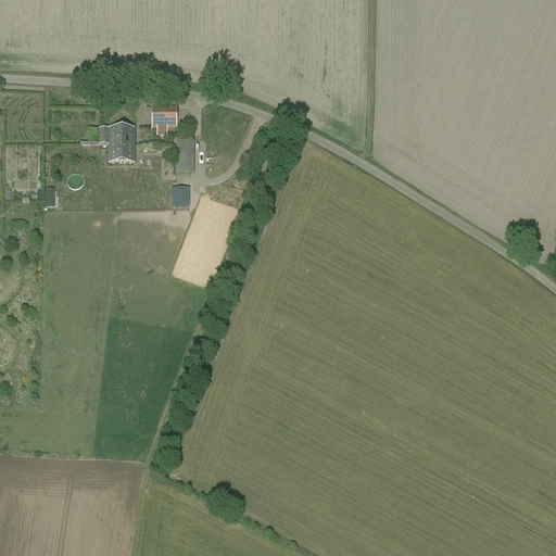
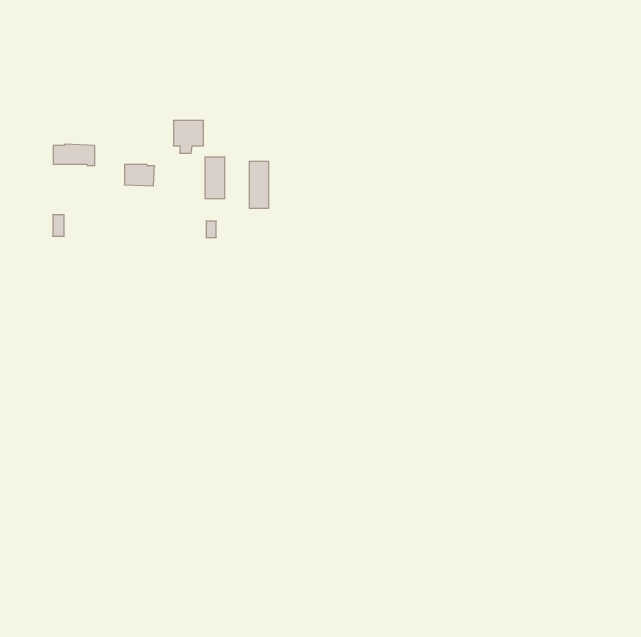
building: [98,125,134,143] -> [53,144,95,166]
building: none -> [249,161,268,208]

